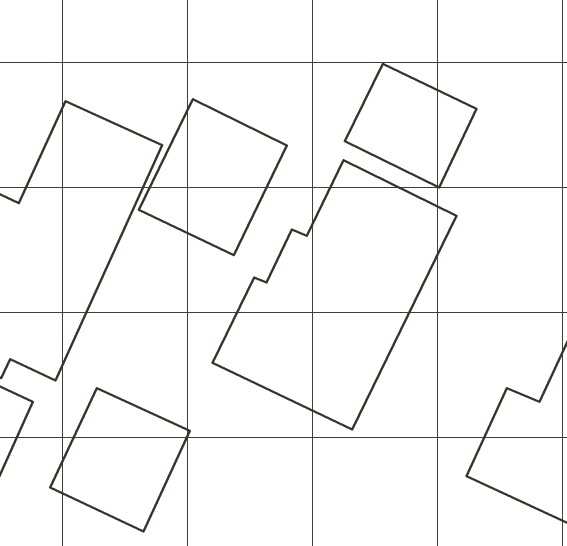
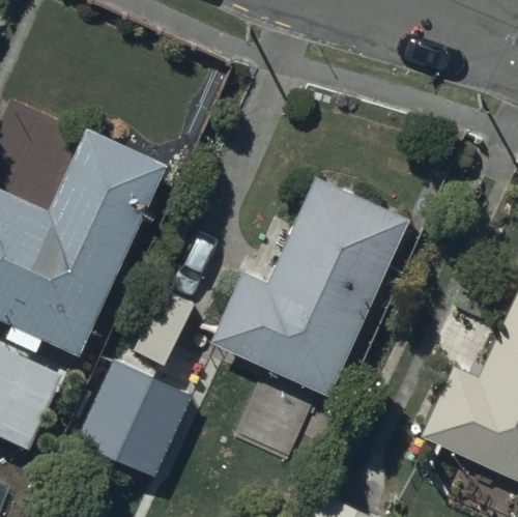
building: [345,64,477,187] -> none
building: [139,99,287,255] -> none

